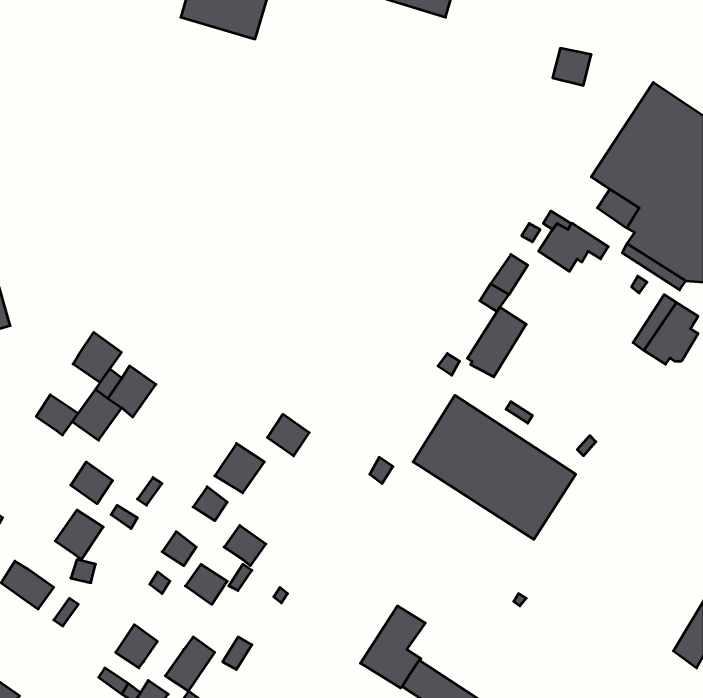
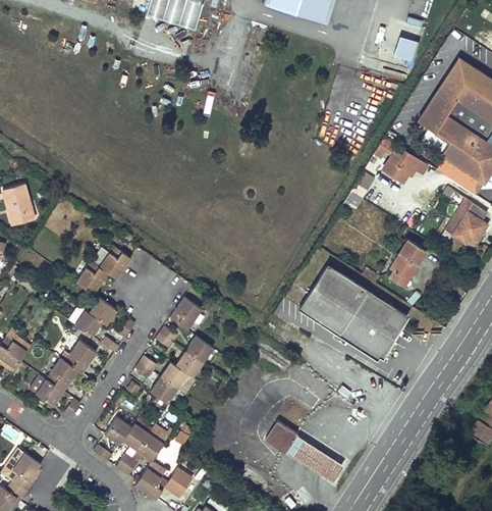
building: [467,307,526,377] -> [386,240,425,286]
building: [73,332,121,383] -> none
building: [36,395,78,435] -> [89,298,116,324]
building: [267,414,309,456] -> [185,336,213,363]
building: none -> [46,358,77,392]
building: none -> [160,361,187,388]
building: none -> [122,422,149,451]

